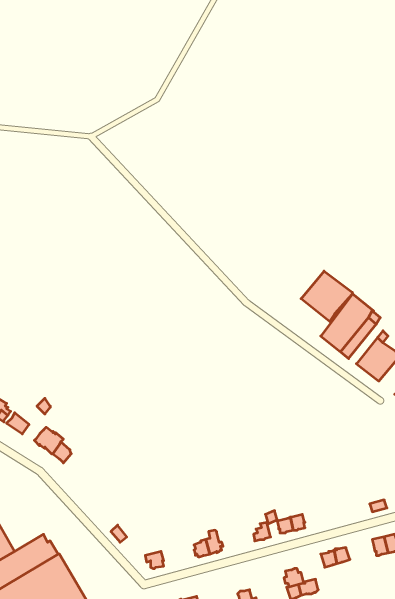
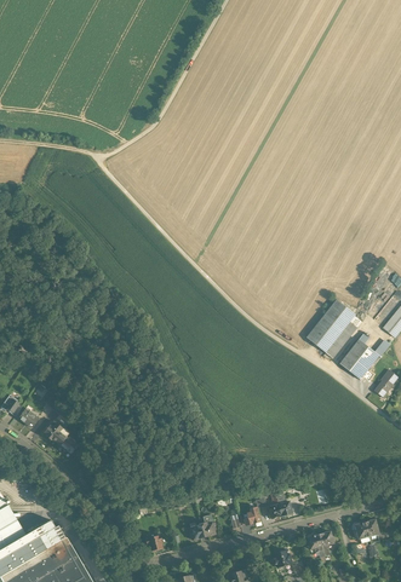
building: [301,271,353,321] -> none

